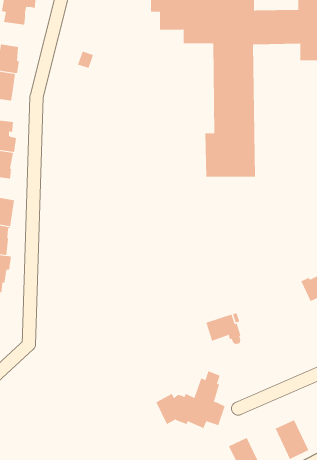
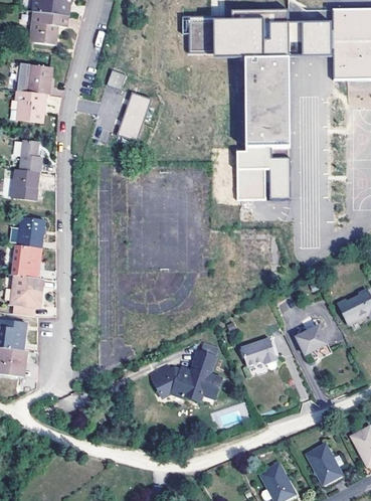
building: none -> [117,91,151,141]
building: none -> [295,326,327,355]
building: [155,371,226,429] -> [150,341,221,400]

